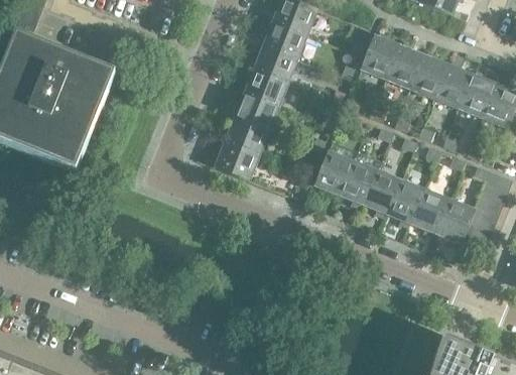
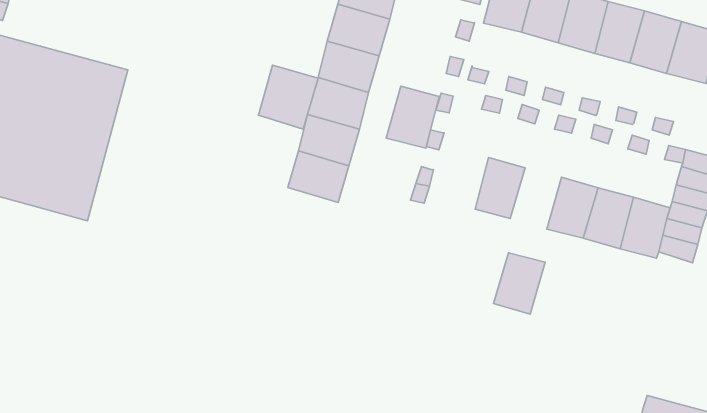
building: none -> [259,65,318,129]
building: [313,149,353,194] -> [386,86,439,148]
building: [363,169,401,213] -> [494,253,545,314]

